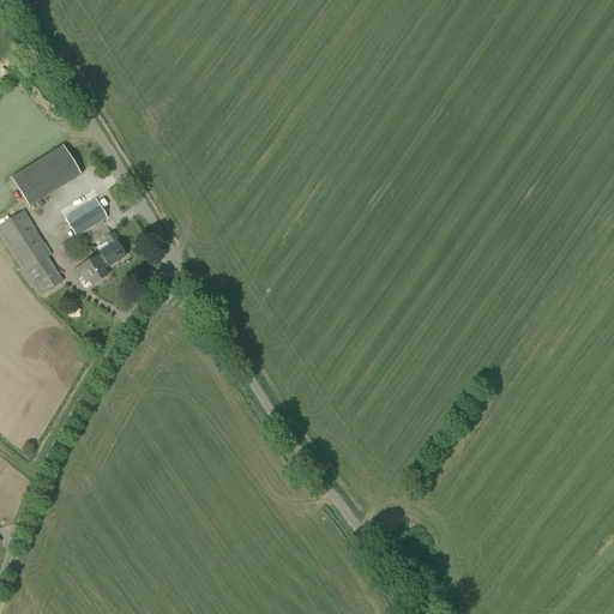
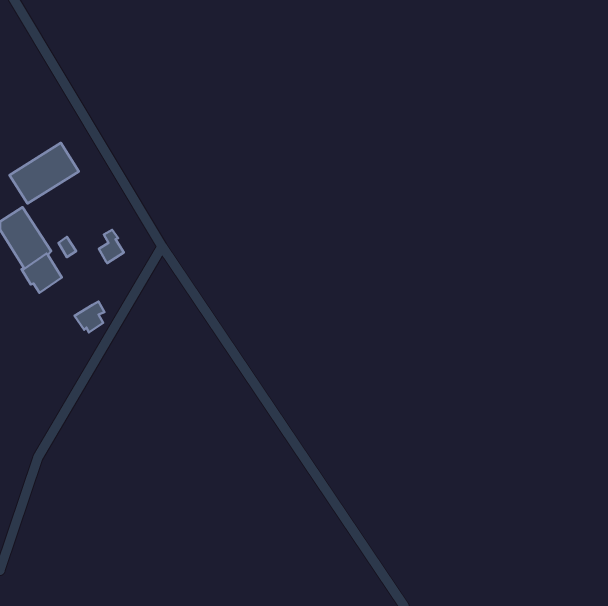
building: [65,197,108,236] -> none
building: [78,253,108,284] -> [75,301,104,332]

